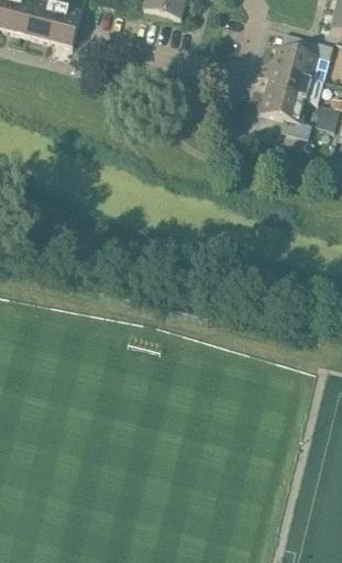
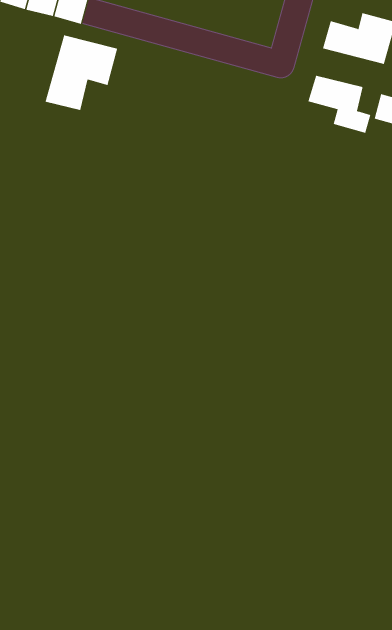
building: none -> [45,34,118,111]
building: [265,66,322,102] -> none

